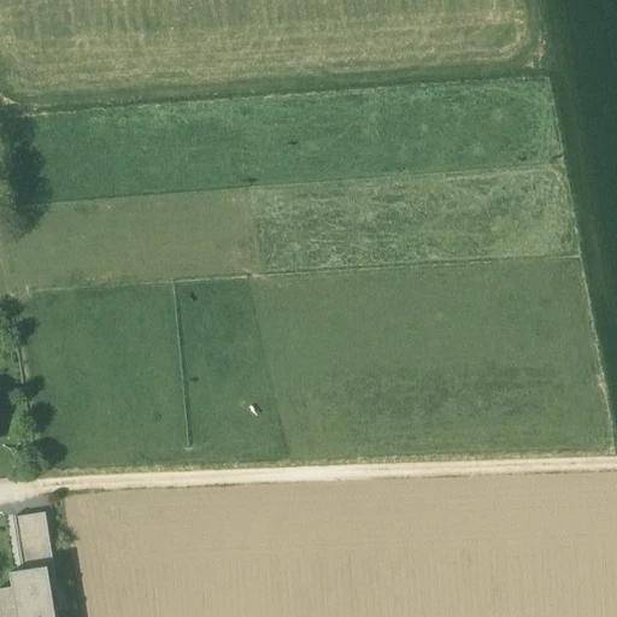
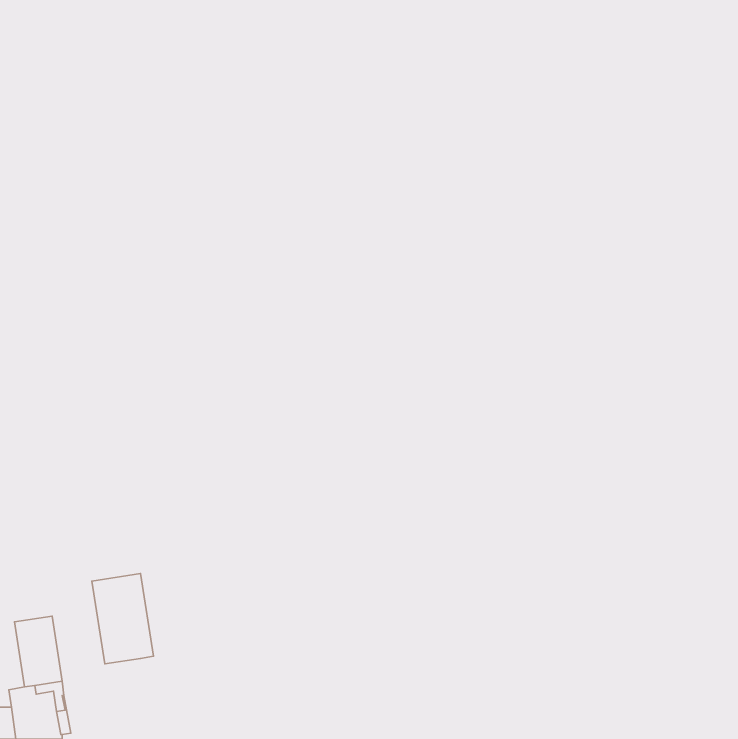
building: none -> [92,574,154,664]

